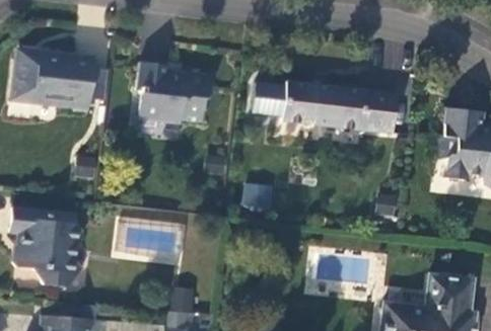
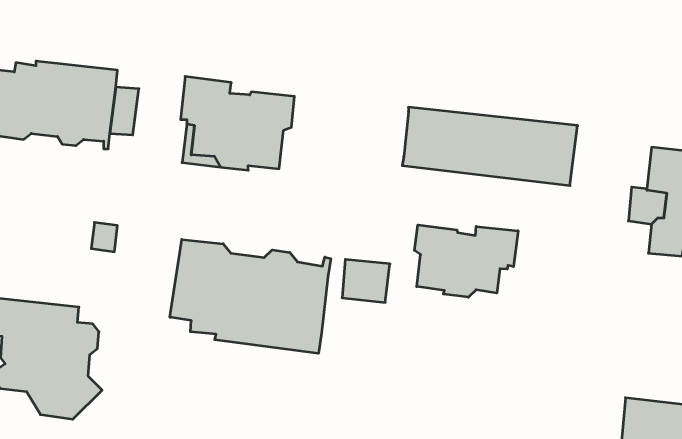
building: [253,82,286,114] -> none
building: none -> [414,225,518,297]
building: none -> [170,239,331,353]

